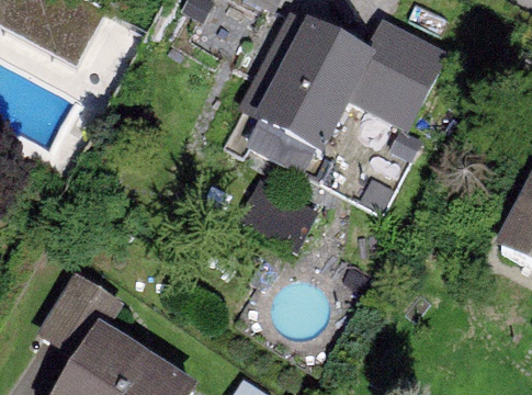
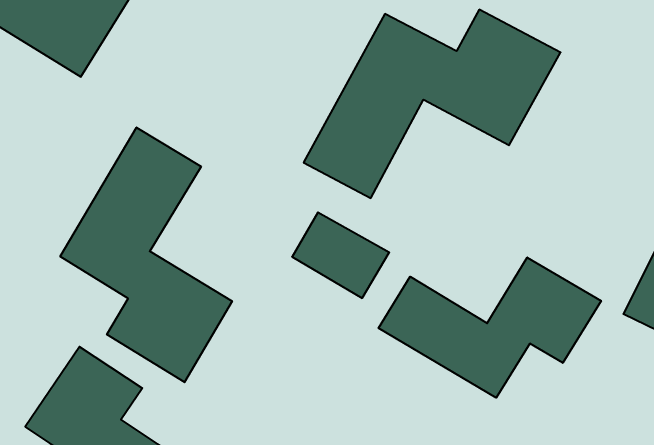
building: none -> [60,127,232,382]
building: none -> [379,257,601,398]

